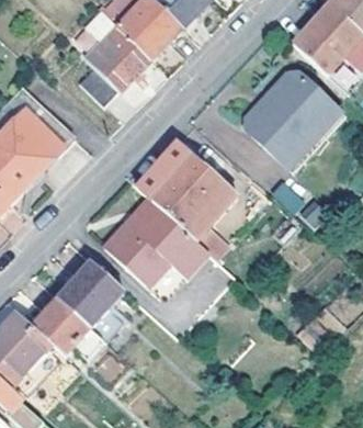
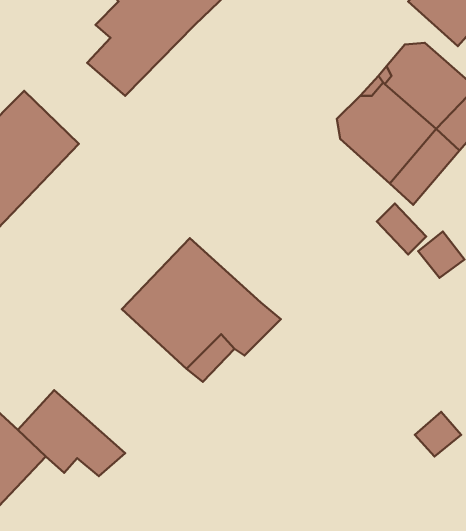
building: [135,143,236,241] -> none
building: [56,262,122,341] -> none

